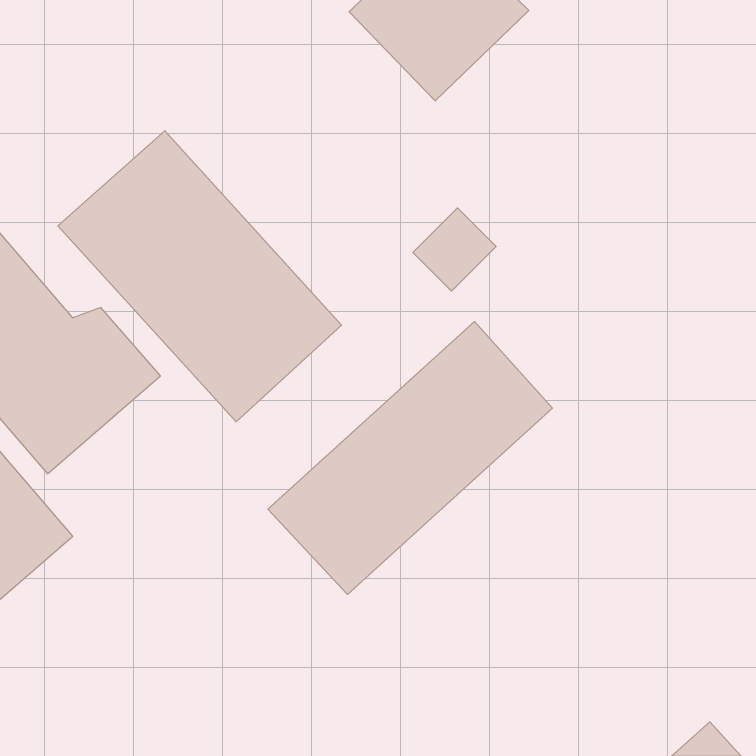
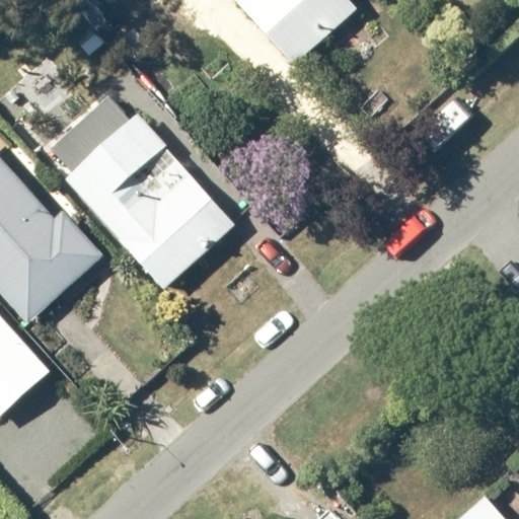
building: [268,322,552,594] -> none

